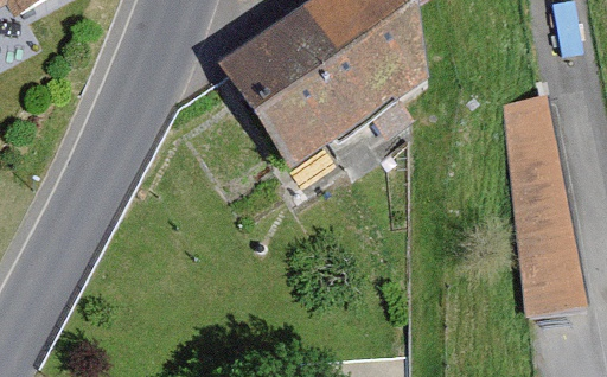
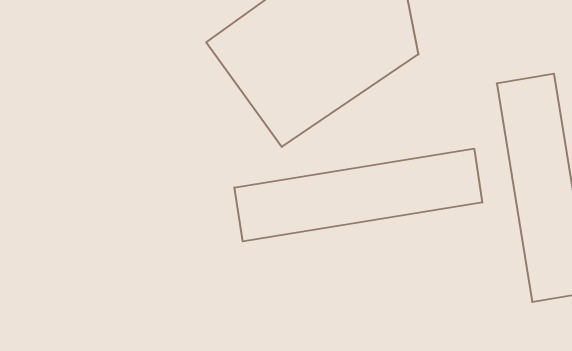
building: none -> [234,149,482,241]

